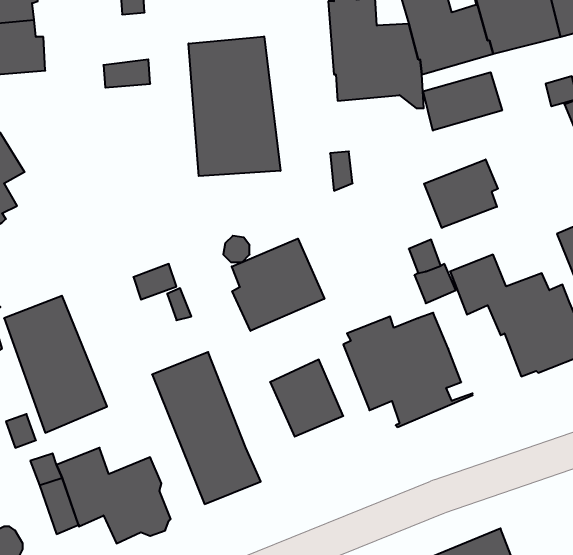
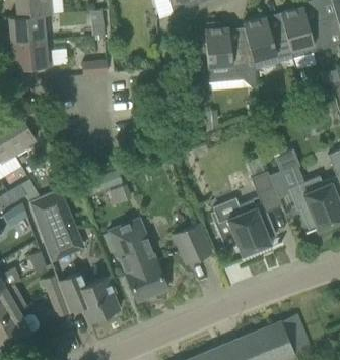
building: [189,36,280,176] -> none
building: [423,72,502,131] -> none
building: [424,159,498,228] -> none
building: [232,239,324,331] -> none

